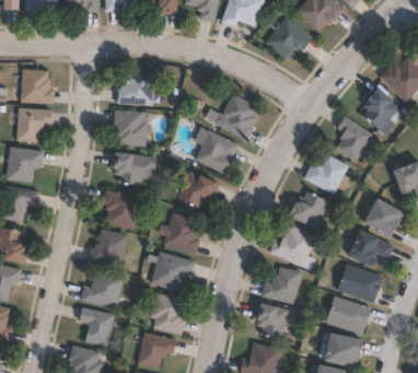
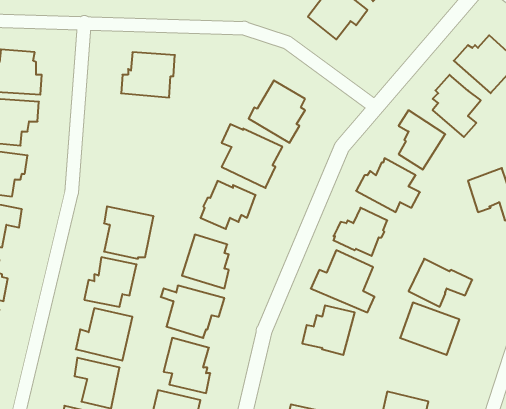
building: [117,108,151,144] -> none
building: [114,150,161,184] -> none
building: [357,197,402,237] -> none
building: [324,296,369,334] -> none
building: [252,304,287,339] -> none

